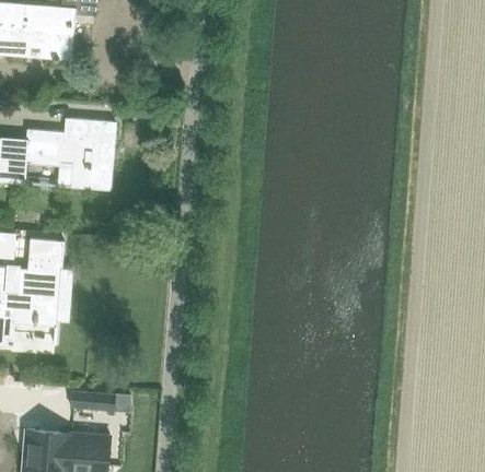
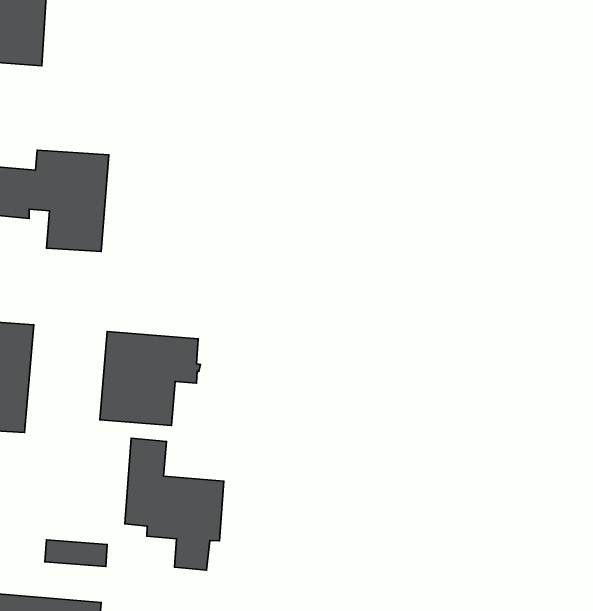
building: none -> [100,332,200,426]
building: none -> [125,438,224,570]

